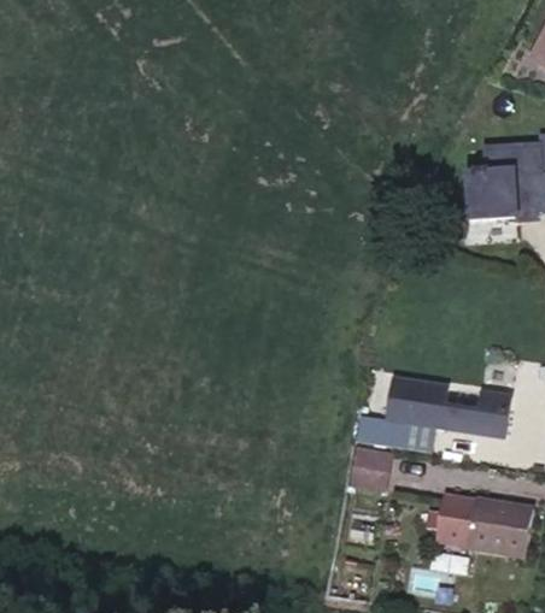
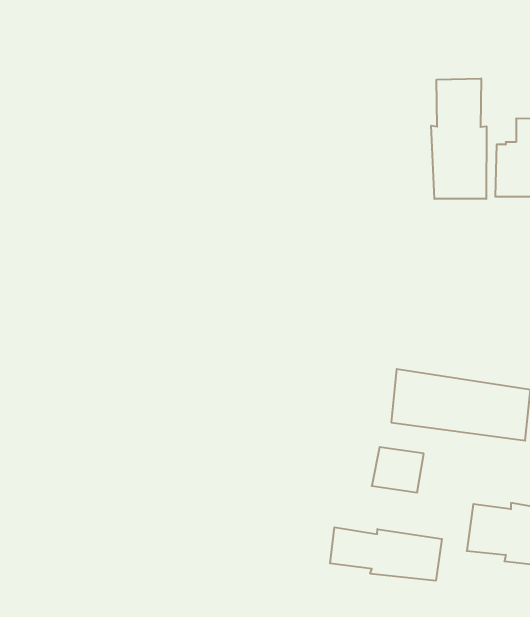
building: none -> [431,78,487,199]
building: none -> [330,527,442,581]

